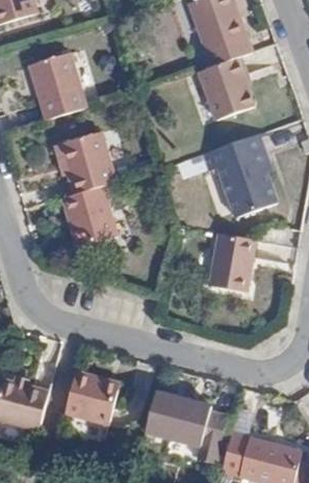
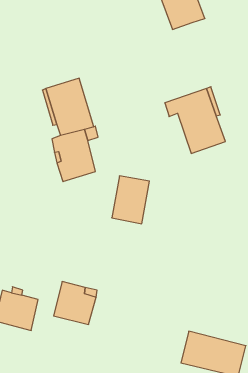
building: [29,55,85,120] -> none
building: [198,56,252,117] -> none
building: [211,234,257,292] -> [112,176,149,224]
building: [147,391,227,446] -> none

